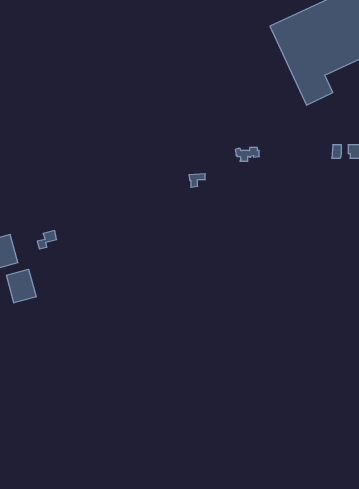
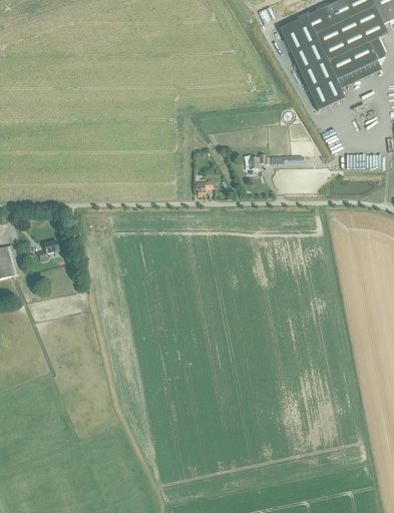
building: [6,269,36,303] -> none

